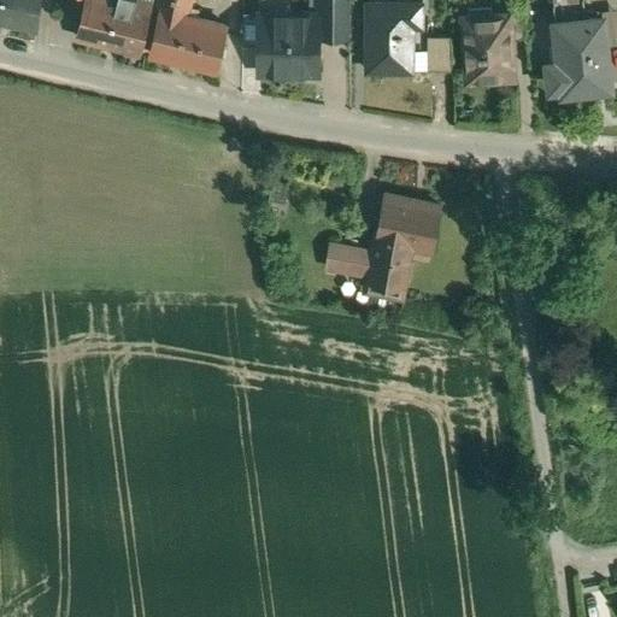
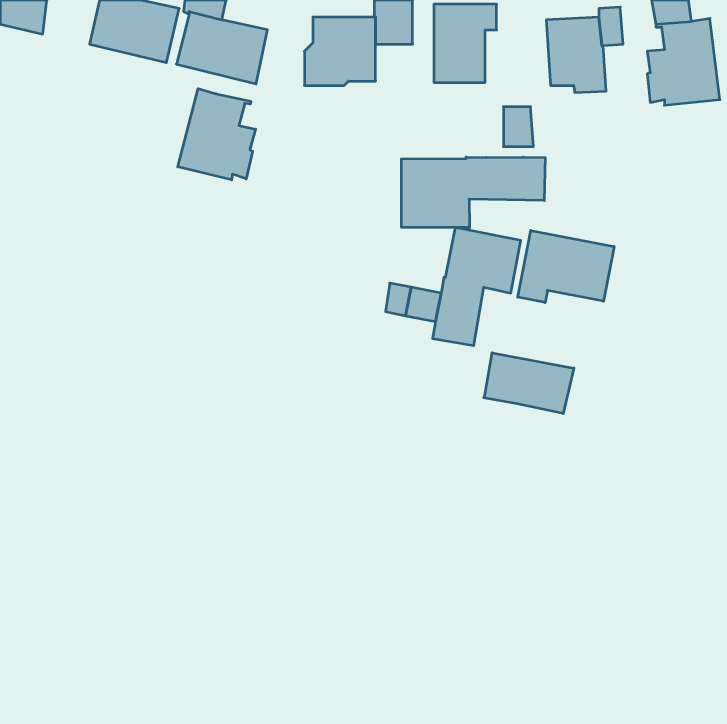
building: [427,39,452,72] -> [503,107,533,147]
building: none -> [178,89,256,180]
building: none -> [401,157,545,228]
building: none -> [518,230,614,303]
building: none -> [484,353,574,414]

